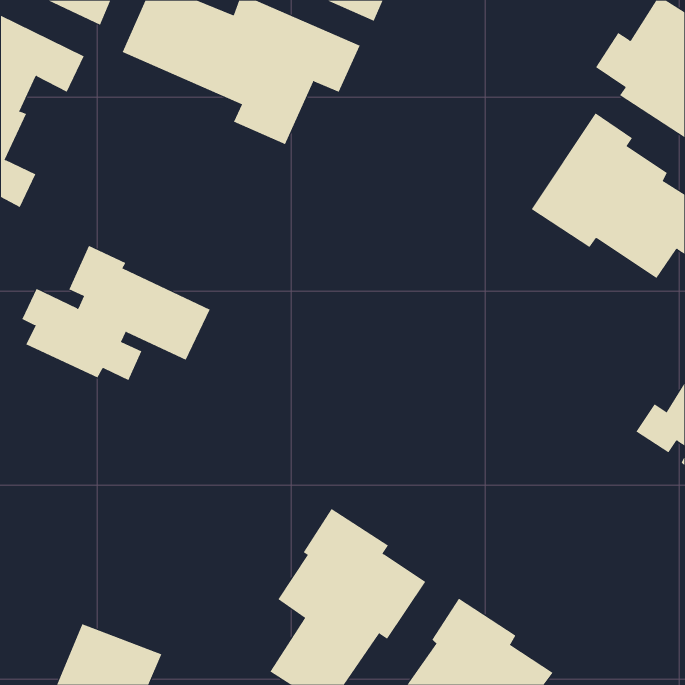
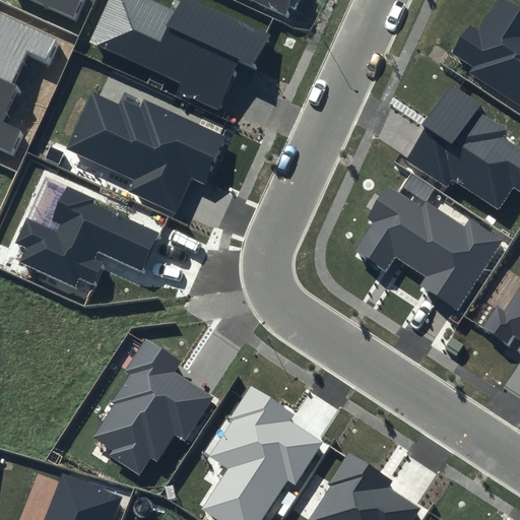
building: none -> [65,91,230,212]
building: none -> [355,184,502,309]
building: none -> [92,340,211,475]

